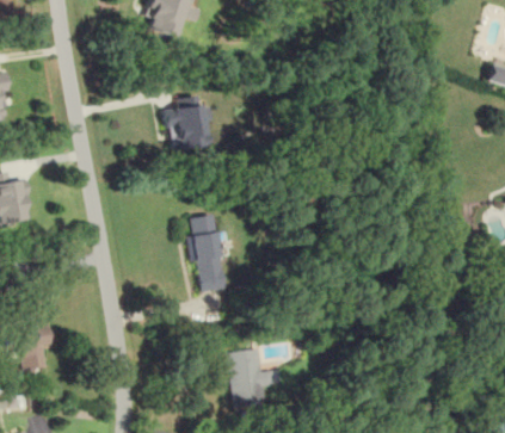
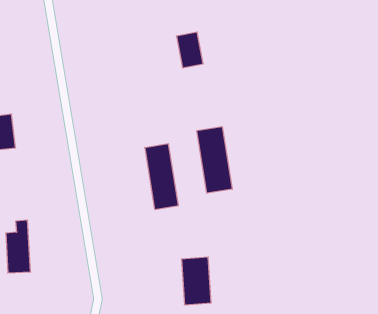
building: [175,105,208,148] -> [176,32,203,68]
building: none -> [197,127,232,193]

